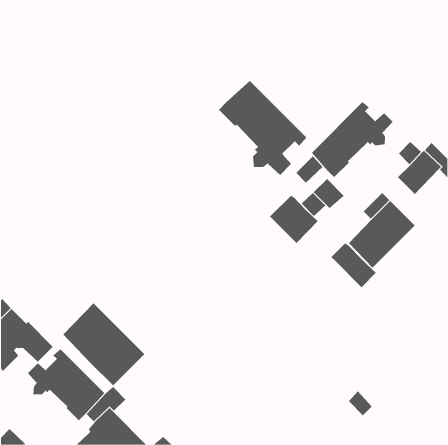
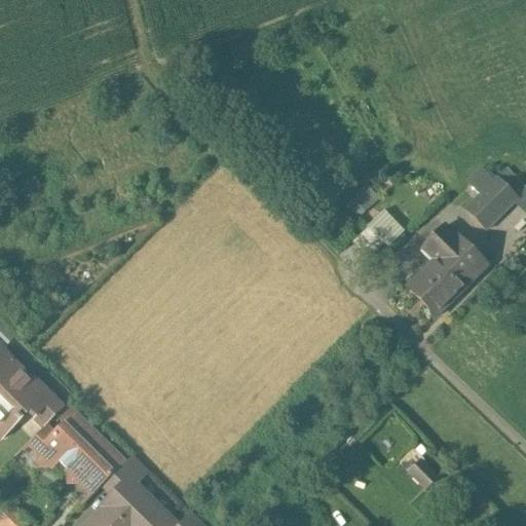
building: [218,80,307,176] -> none
building: [311,101,393,178] -> none
building: [269,195,319,244] -> none
building: [330,243,376,288] -> none
building: [63,302,145,386] -> none

